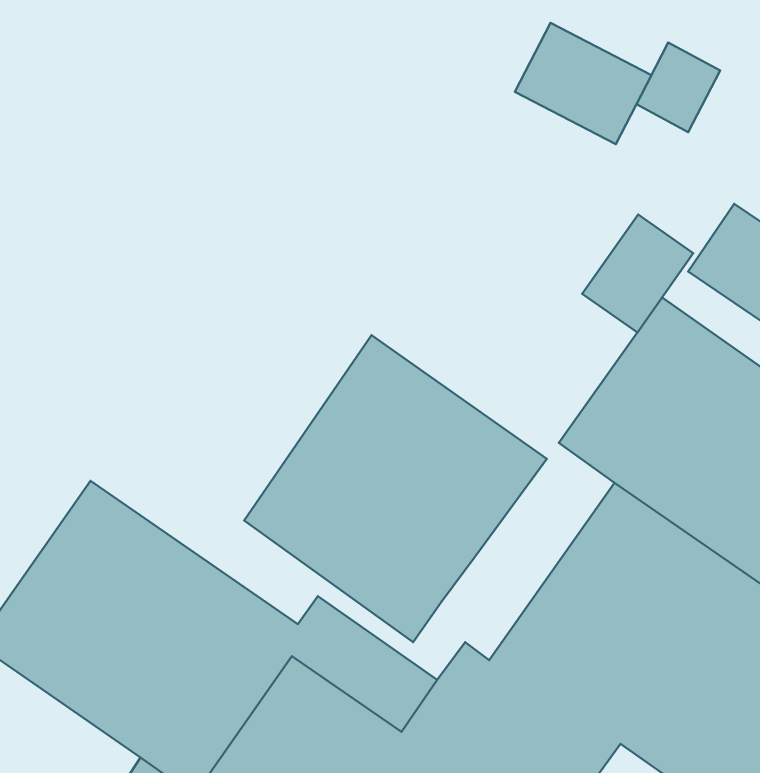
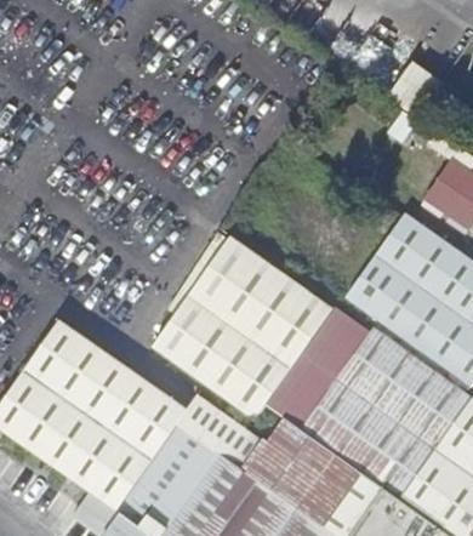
building: [515,23,651,144] -> none
building: [582,214,693,333] -> none
building: none -> [270,301,376,433]

